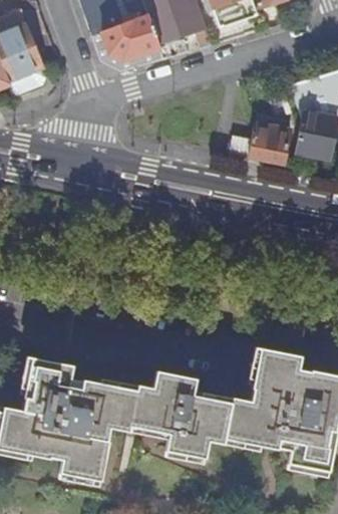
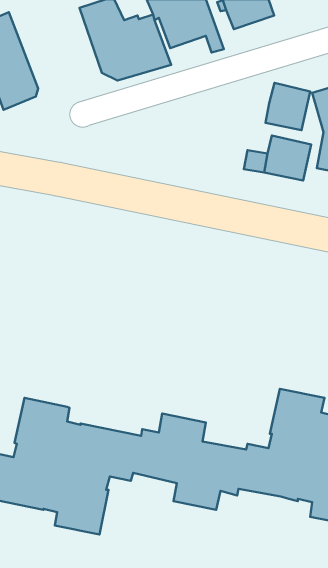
building: none -> [265,83,310,130]

